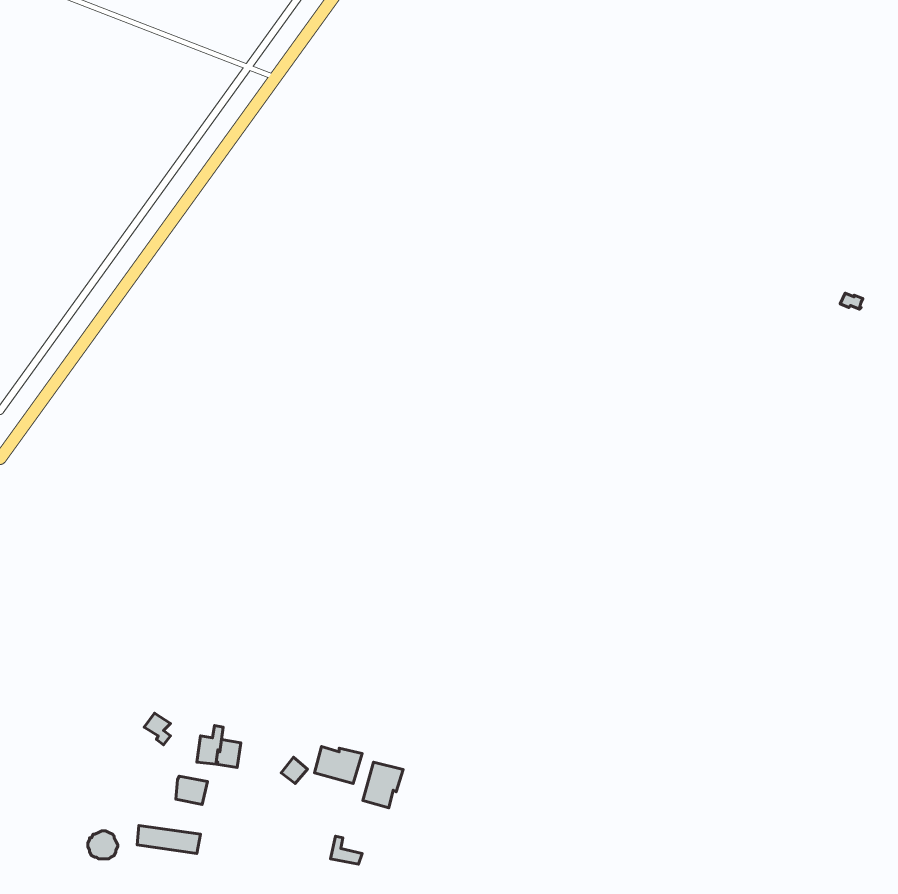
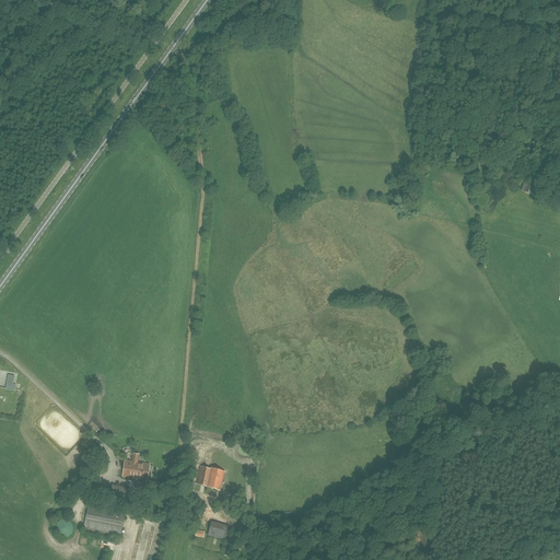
building: [363,762,403,808] -> none

